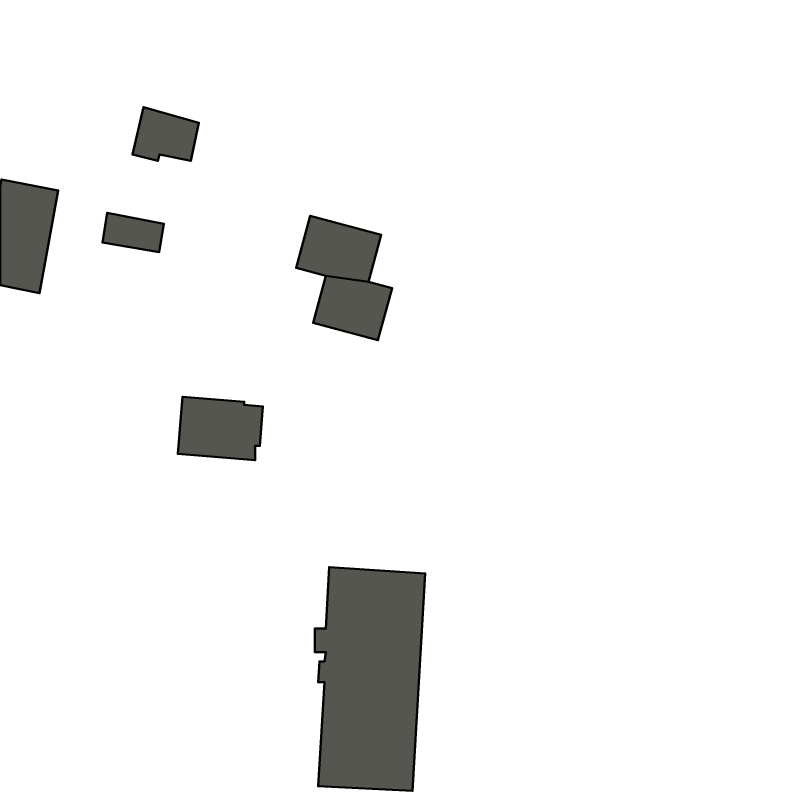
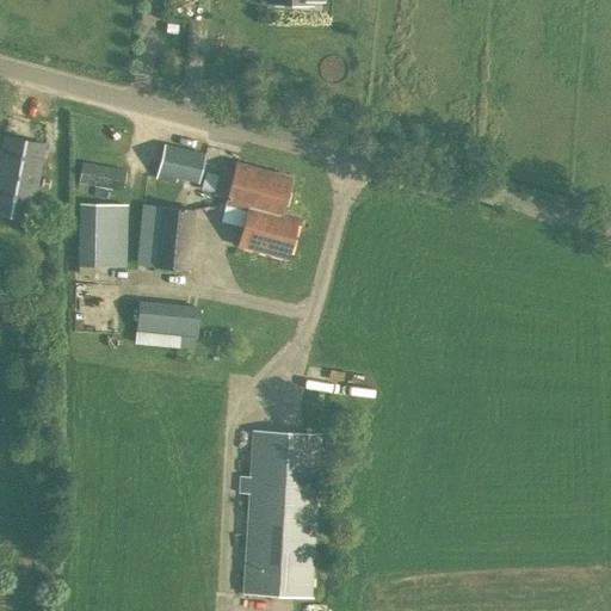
building: [133,107,199,161] -> [155,143,205,184]
building: none -> [79,205,128,267]
building: none -> [136,205,196,271]

